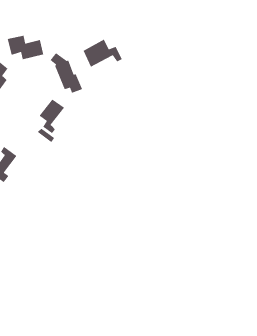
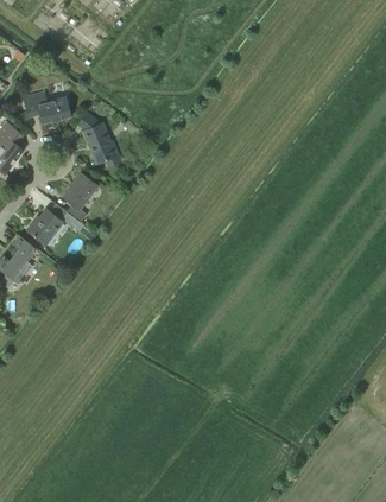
building: [82,39,123,68] -> none
building: none -> [27,208,62,243]

